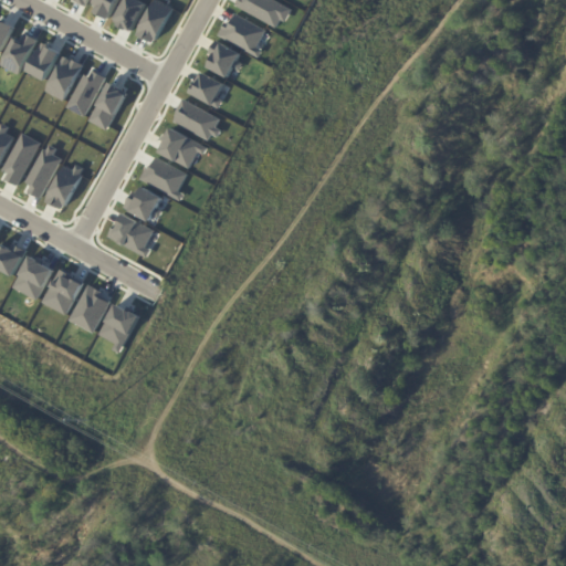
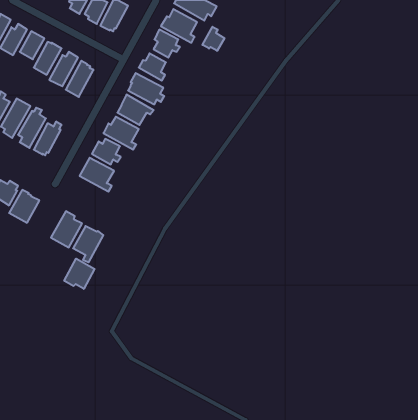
building: none -> [202,27,224,51]
building: [41,269,83,315] -> none
building: none -> [64,259,95,289]

